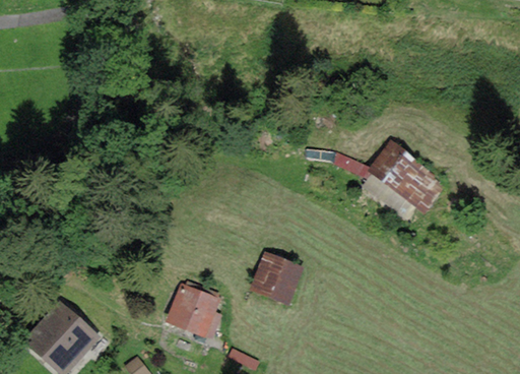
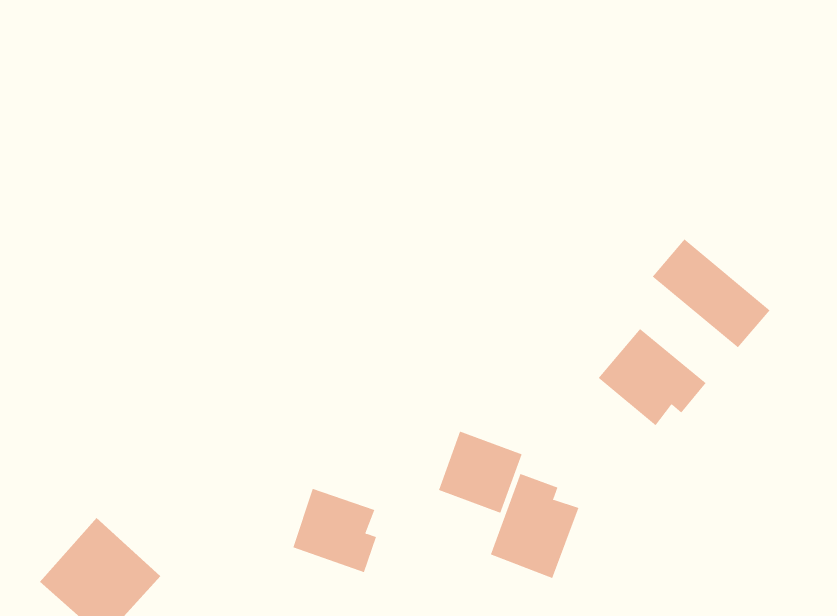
building: none -> [598,328,707,426]
building: none -> [490,473,579,579]

